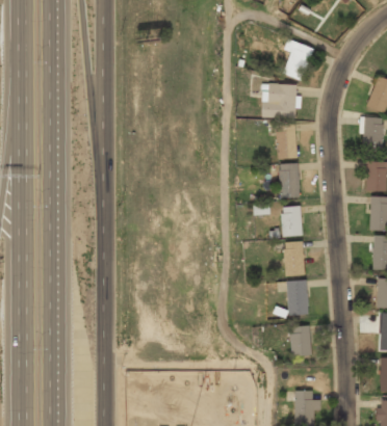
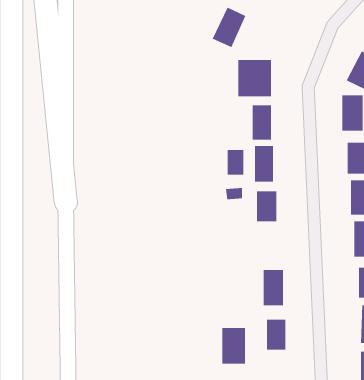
building: [282,42,314,80] -> [212,7,246,48]
building: none -> [227,149,244,176]
building: [285,243,304,275] -> none
building: none -> [222,327,246,365]

